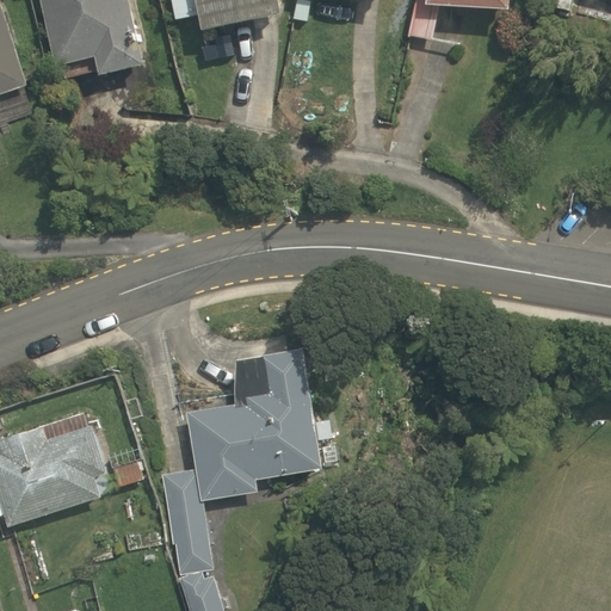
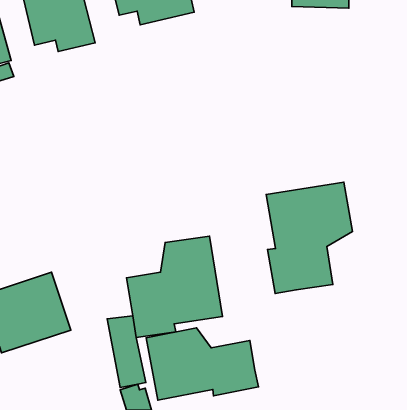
building: none -> [266,182,352,294]
building: none -> [146,328,258,400]

